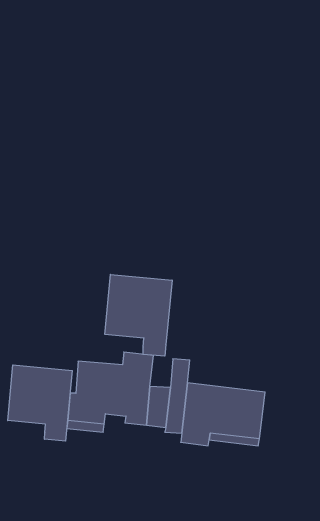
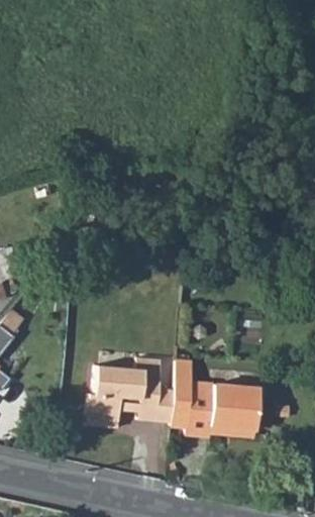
building: [105,274,172,356] -> none
building: [8,365,72,441] -> none

